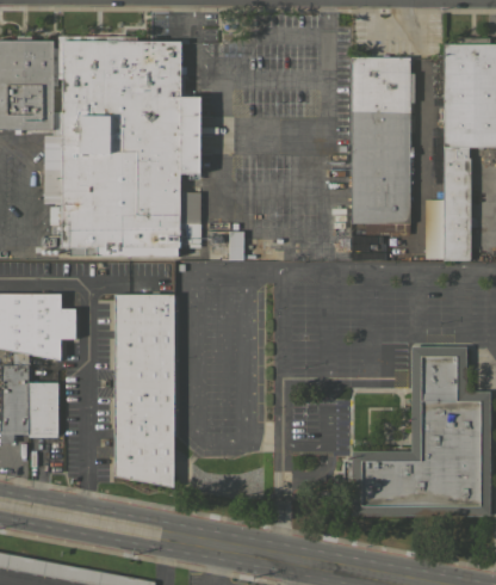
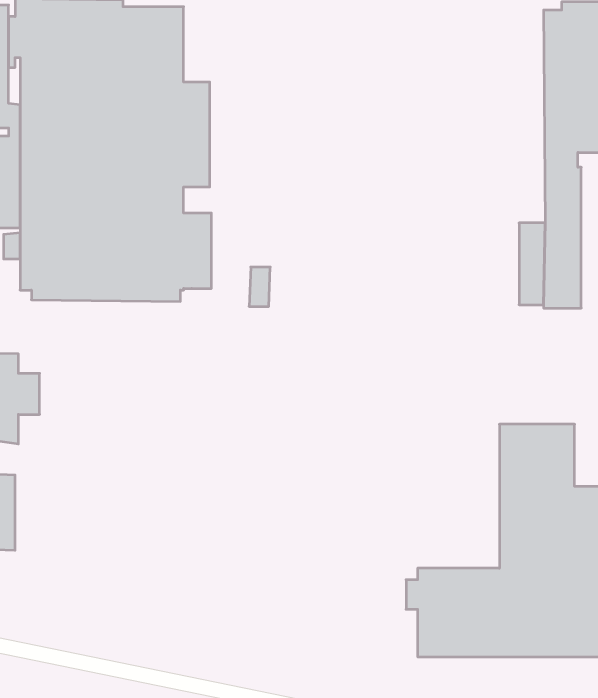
building: [352,57,415,235] -> none
building: [114,295,174,488] -> none

